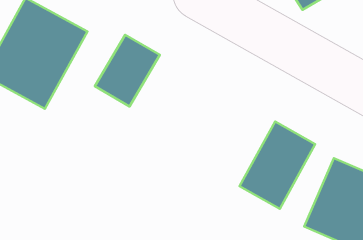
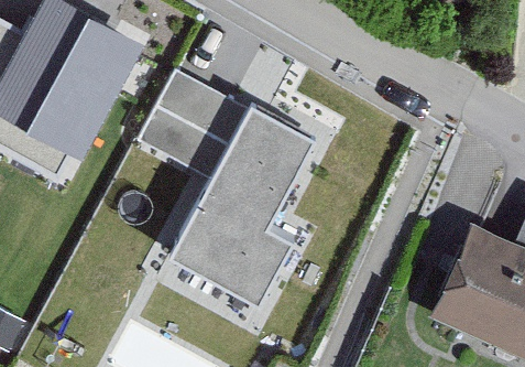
building: none -> [175,115,310,304]
building: [240,122,315,209] -> none

